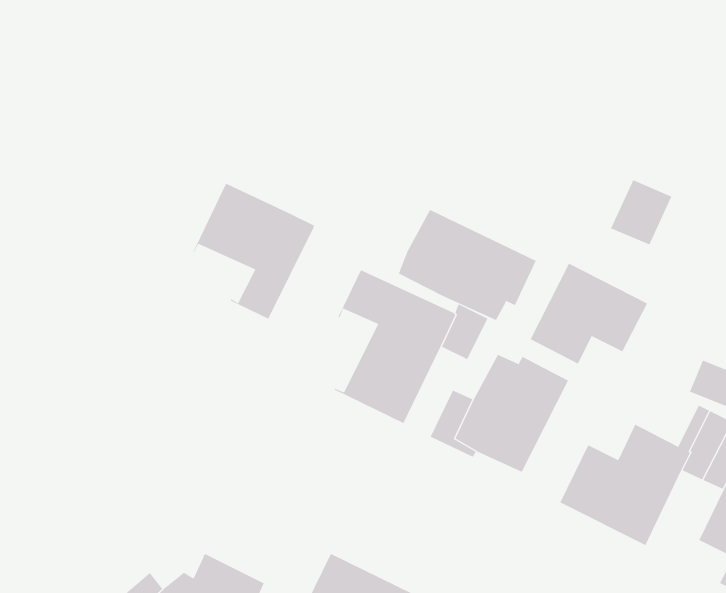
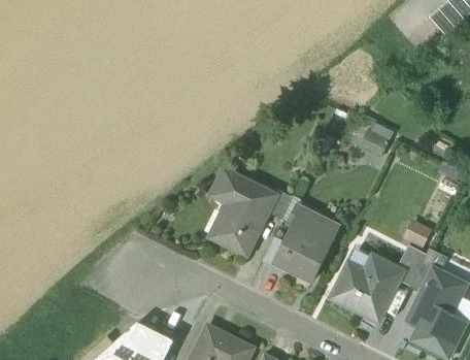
building: [193,183,315,319] -> none
building: [398,209,536,321] -> none
building: [530,263,648,364] -> none

